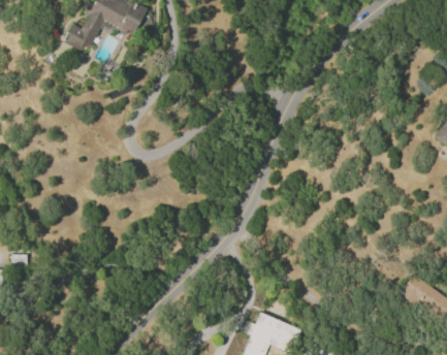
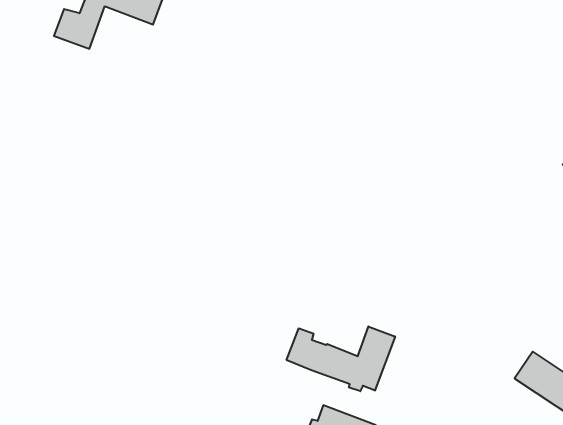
building: none -> [287,326,395,391]

